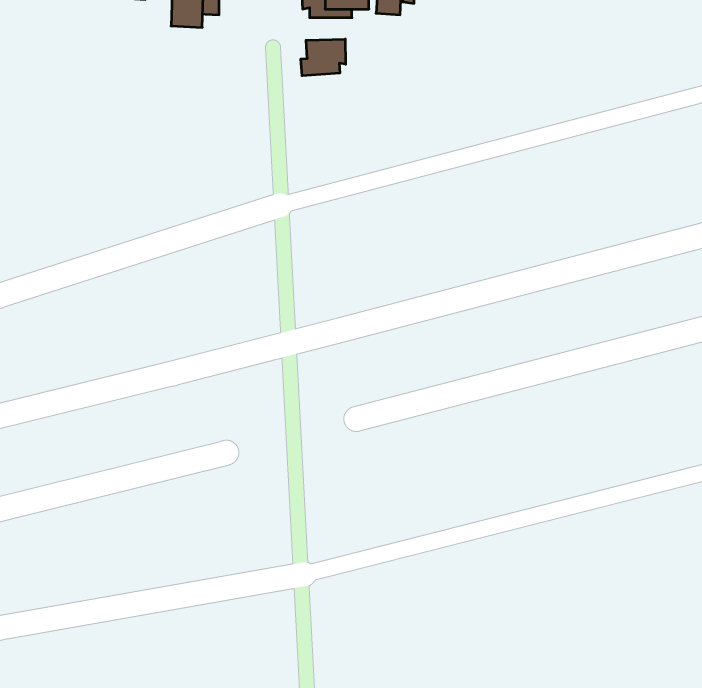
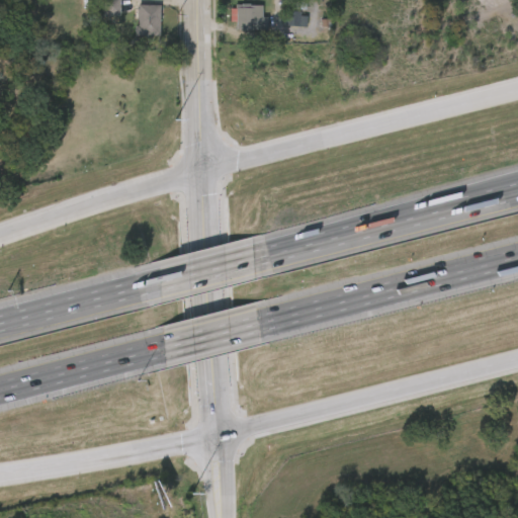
building: [301,39,346,76] -> none

